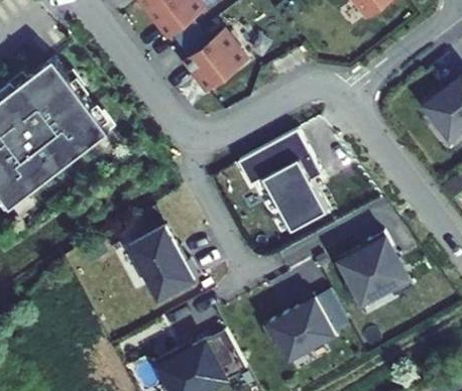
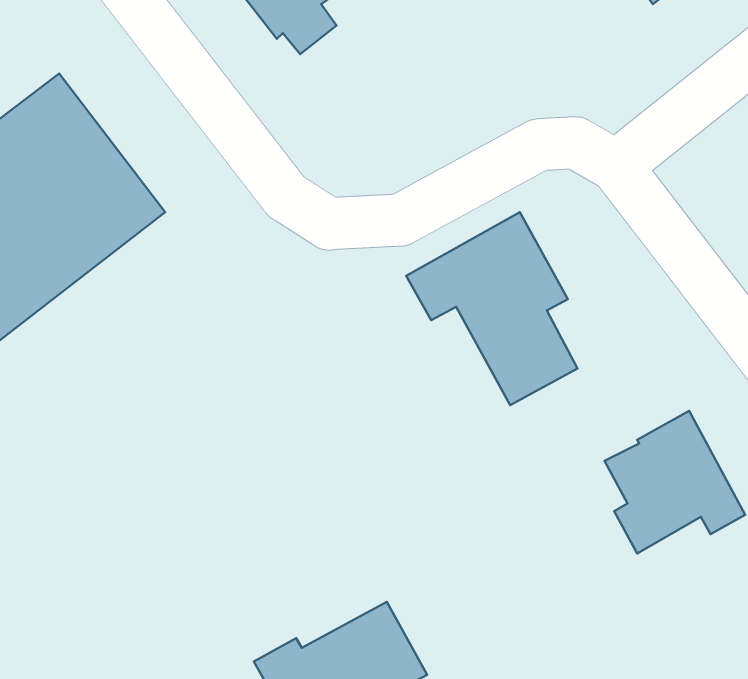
building: [181,32,246,92] -> none
building: [128,226,199,299] -> none
building: [263,295,338,363] -> none

